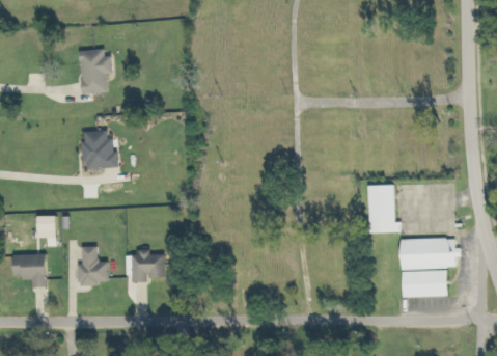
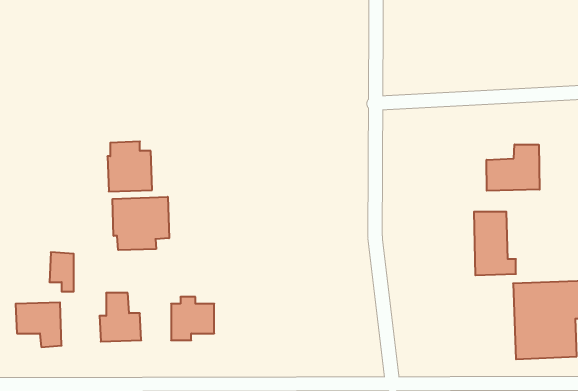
building: [82,50,114,93] -> none
building: none -> [487,144,540,191]
building: none -> [113,197,169,250]

